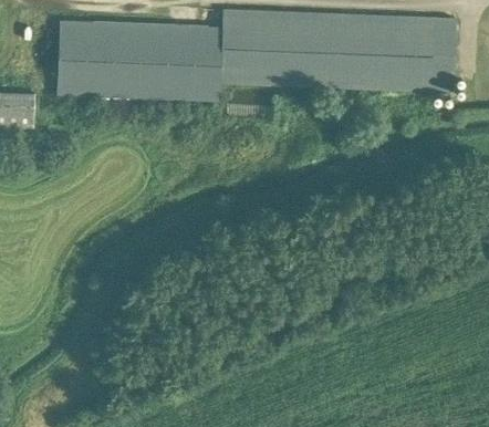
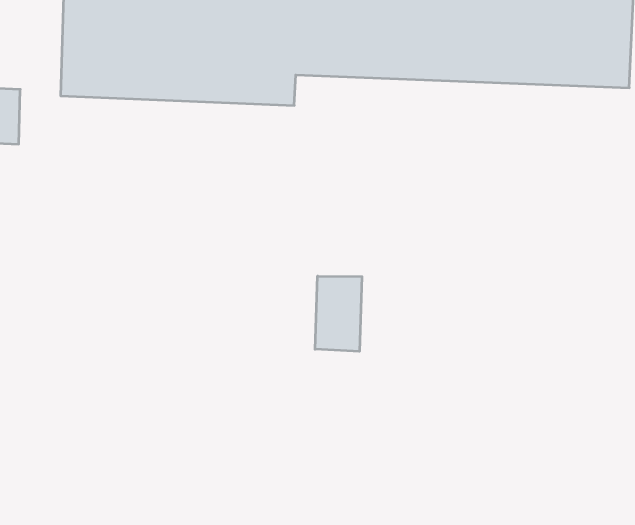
building: none -> [315,276,362,351]

